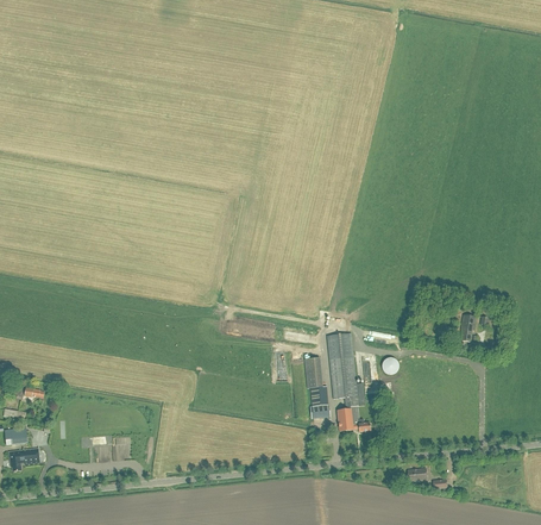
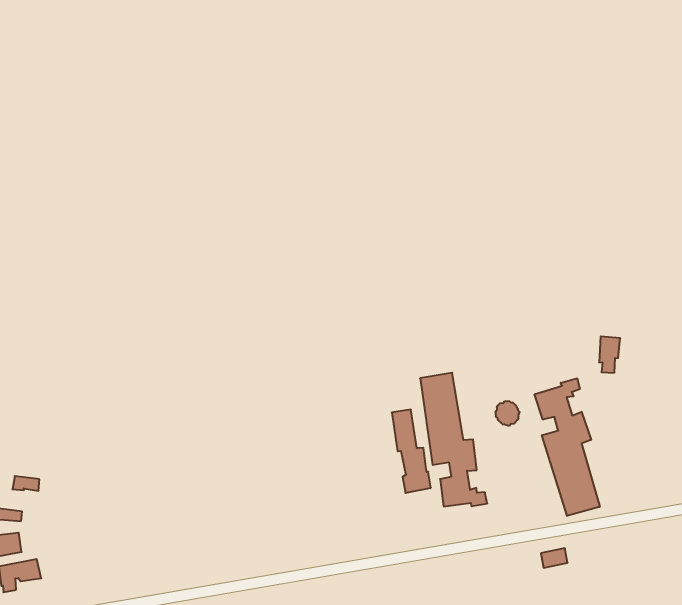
building: none -> [535,378,600,516]

